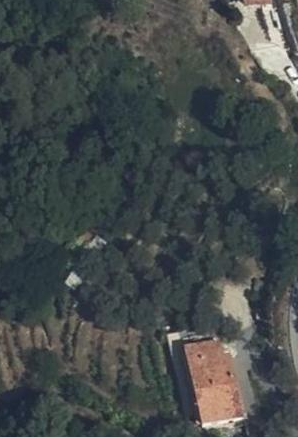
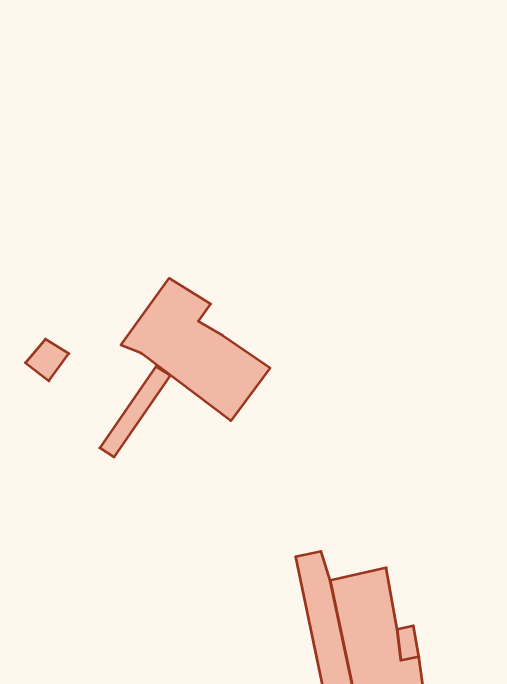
building: none -> [121,278,270,421]

